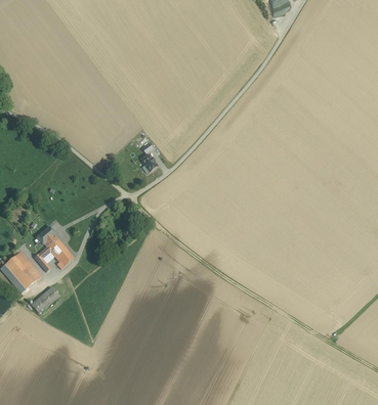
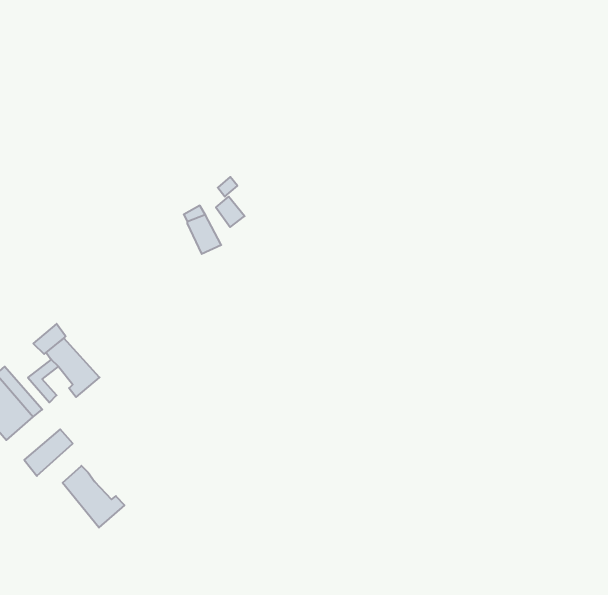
building: none -> [63,466,124,528]

